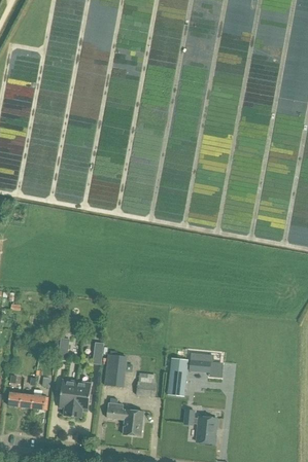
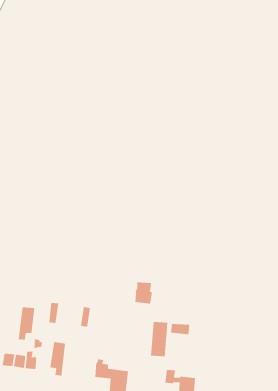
building: [104,354,125,387] -> none
building: [136,374,156,397] -> [135,282,153,304]
building: [72,382,91,418] -> [18,307,35,340]

